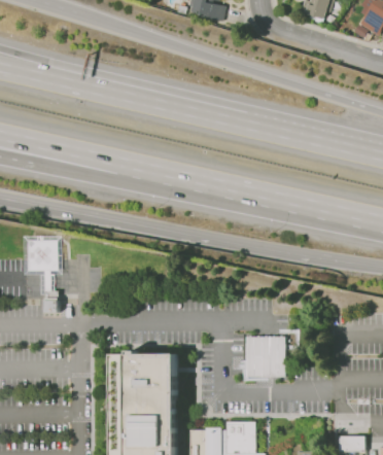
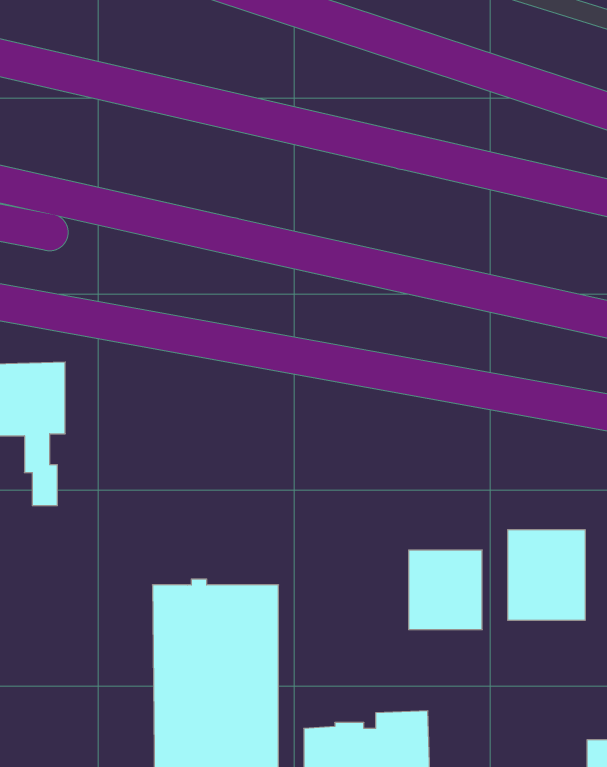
building: none -> [508,530,585,620]

